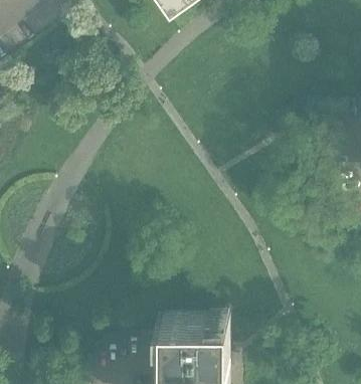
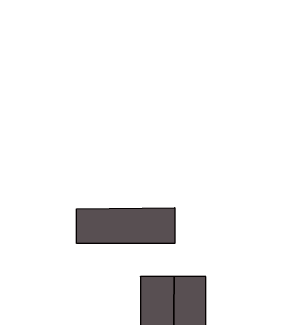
building: none -> [77,208,175,243]

